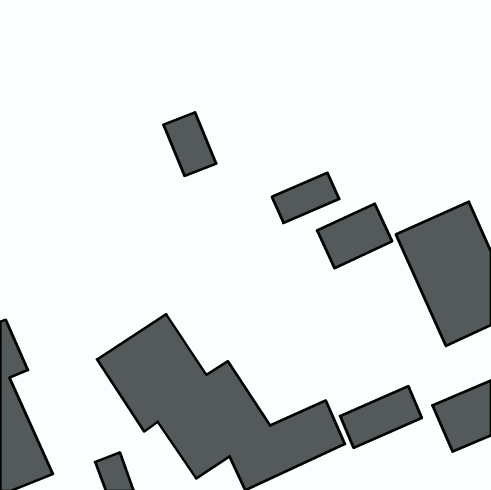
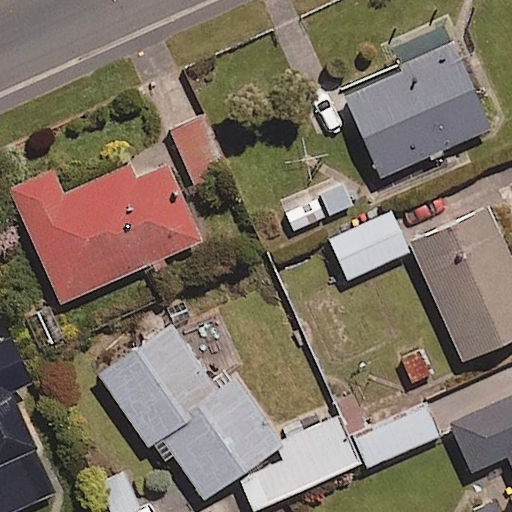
building: none -> [344,44,491,177]
building: none -> [9,164,201,303]

